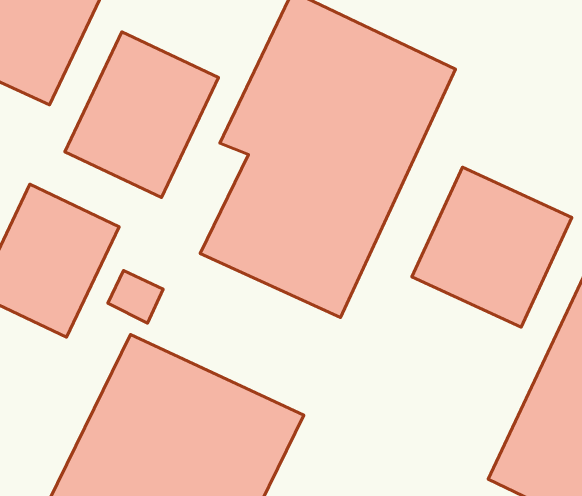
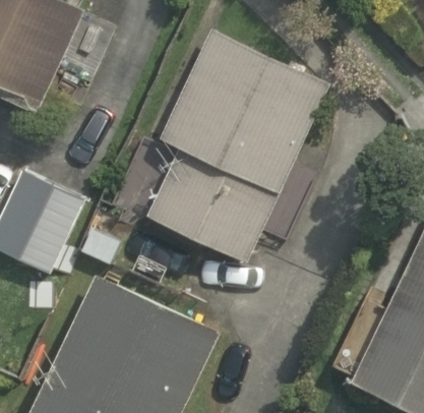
building: [65,32,219,197] -> none
building: [412,167,572,327] -> none

